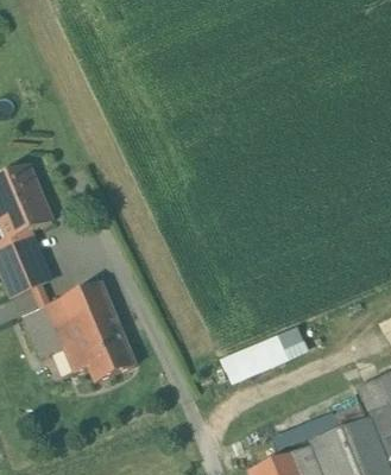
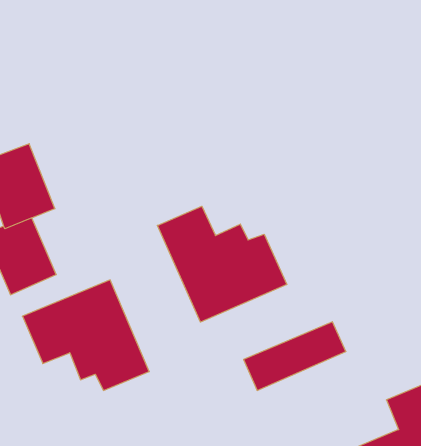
building: none -> [157,206,287,322]

